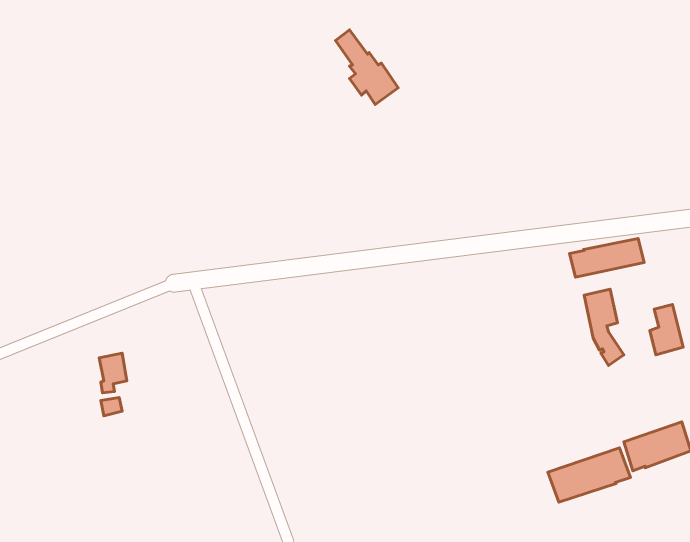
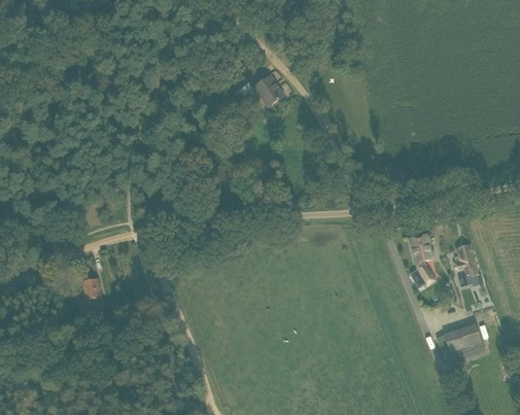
building: [569,239,644,277] -> none
building: [548,448,631,502] -> none

